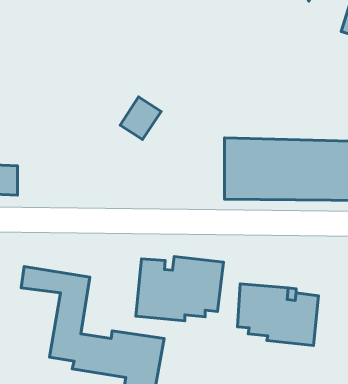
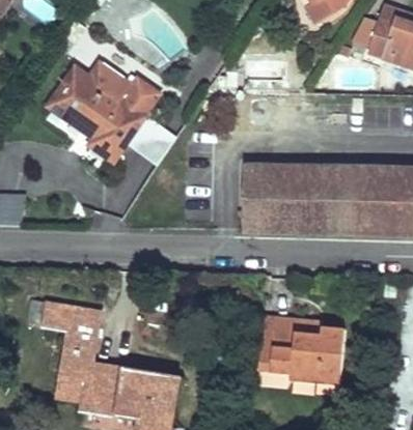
building: none -> [48,60,160,161]
building: [136,257,224,321] -> none

